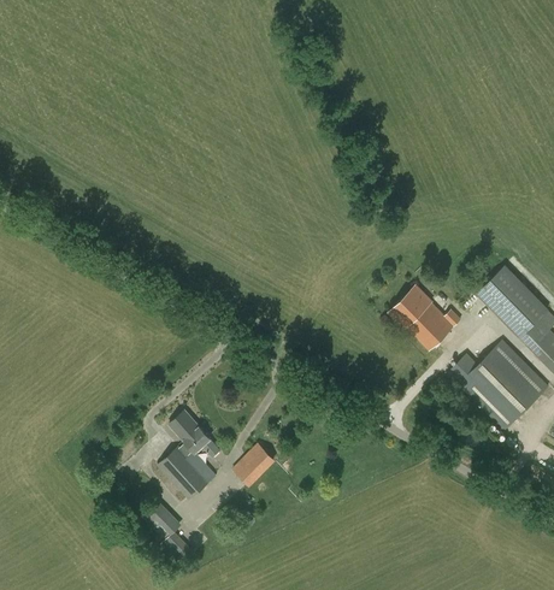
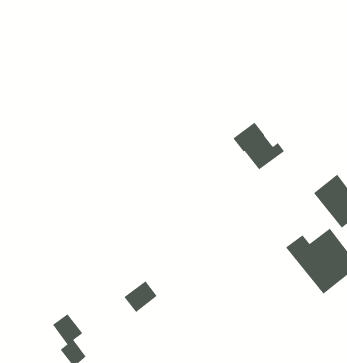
building: [388,285,461,350] -> [232,122,285,170]
building: [157,411,220,500] -> none

